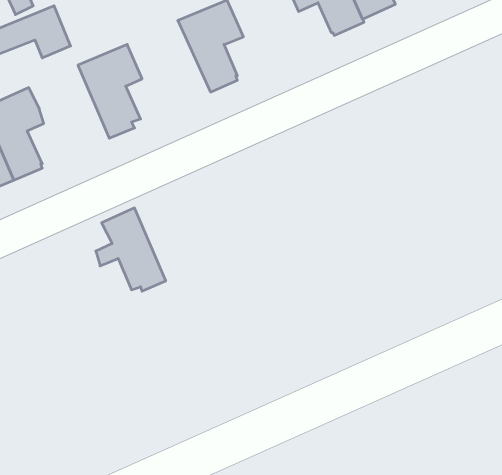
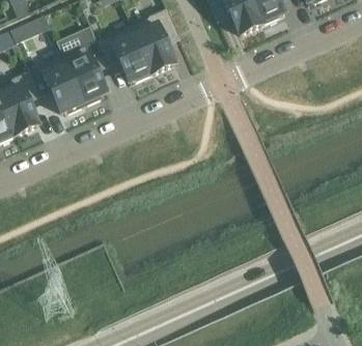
building: none -> [98,23,156,81]
building: [96,208,166,291] -> [36,54,85,112]

